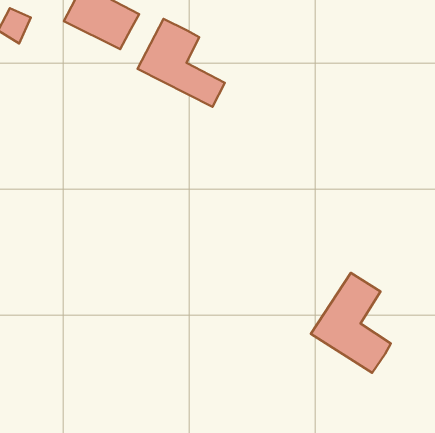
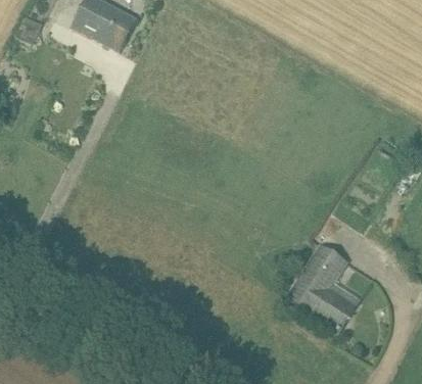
building: [137,19,225,107] -> none

